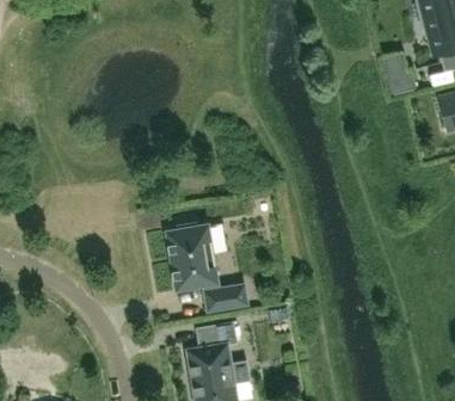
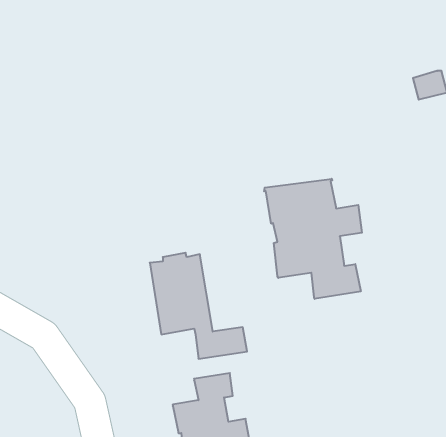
building: none -> [264,179,362,299]

